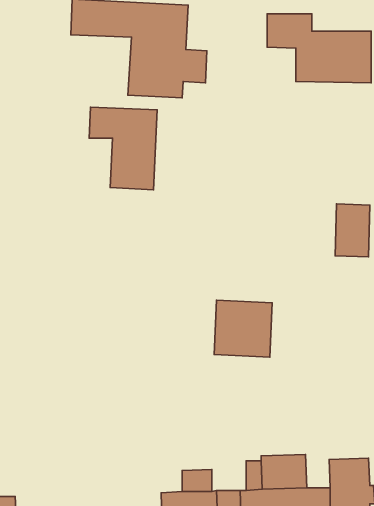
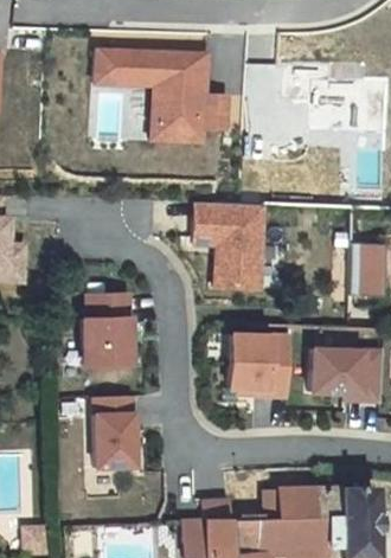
building: [89,107,157,190] -> [197,205,262,284]
building: none -> [83,295,130,365]
building: none -> [316,348,376,400]
building: none -> [95,397,136,468]

